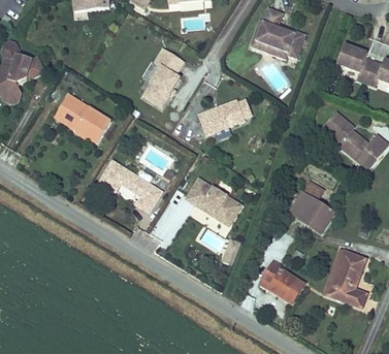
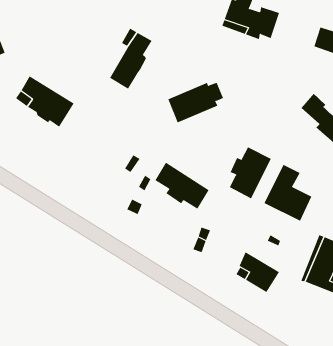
building: [96,159,159,211] -> none
building: none -> [229,146,271,199]

